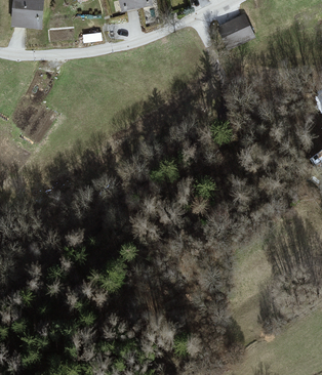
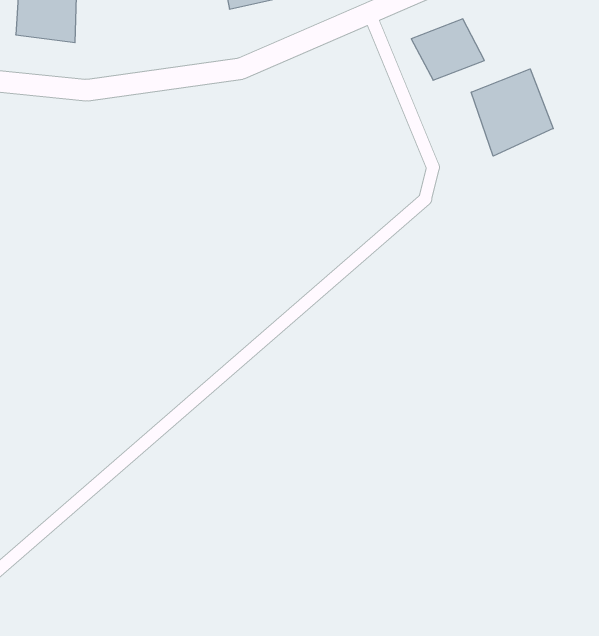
building: none -> [471,69,553,156]

